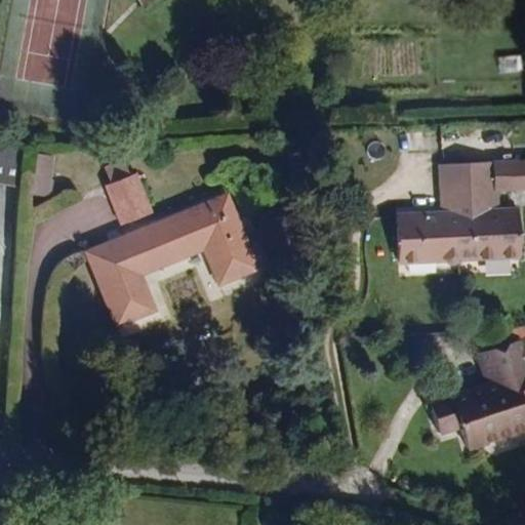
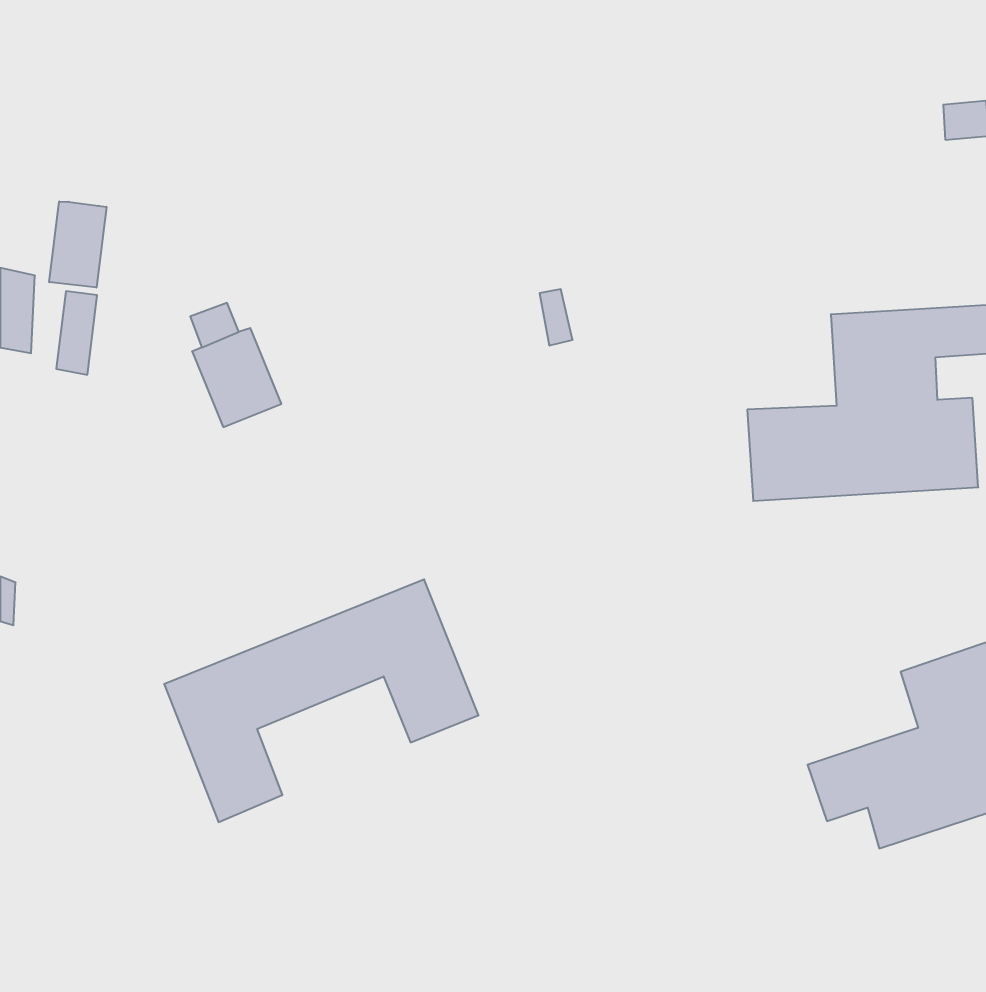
building: none -> [49,201,106,288]
building: [89,196,255,324] -> [164,579,479,822]

